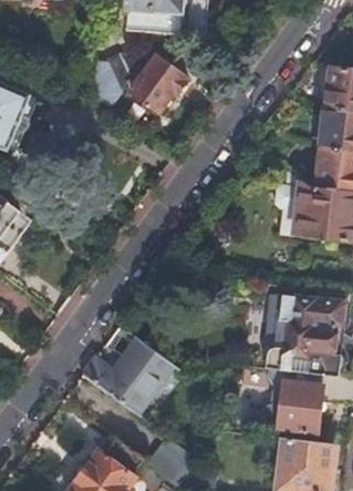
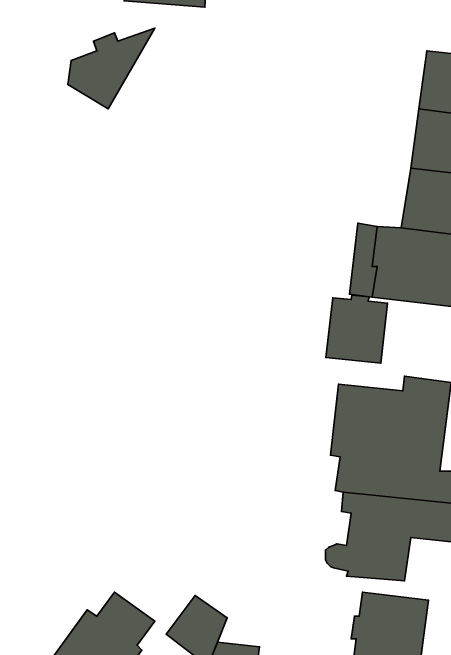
building: [131,54,190,108] -> none
building: none -> [326,295,388,363]
building: [82,339,175,416] -> none

